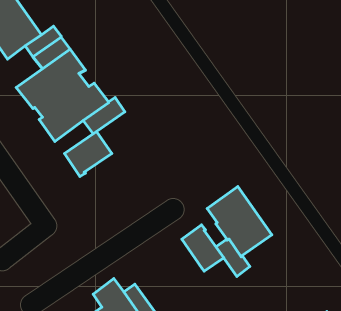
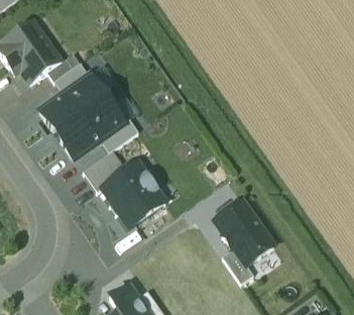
building: none -> [101,162,165,226]
building: [182,225,224,271] -> none

